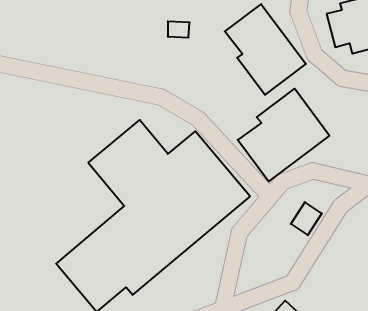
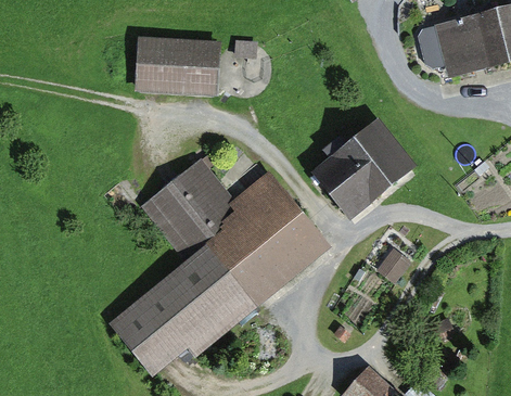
building: [225,4,306,95] -> none
building: none -> [133,40,219,100]

